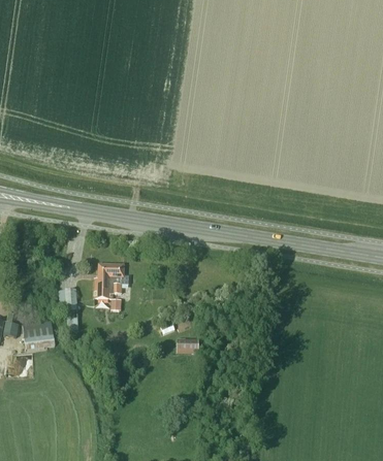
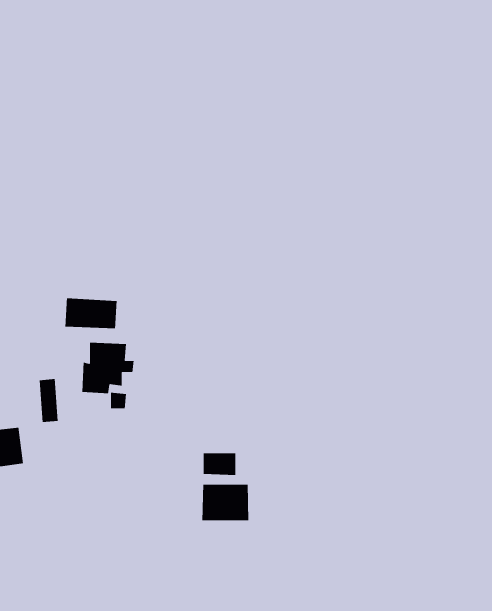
building: none -> [65,297,117,329]
building: none -> [202,484,249,521]

